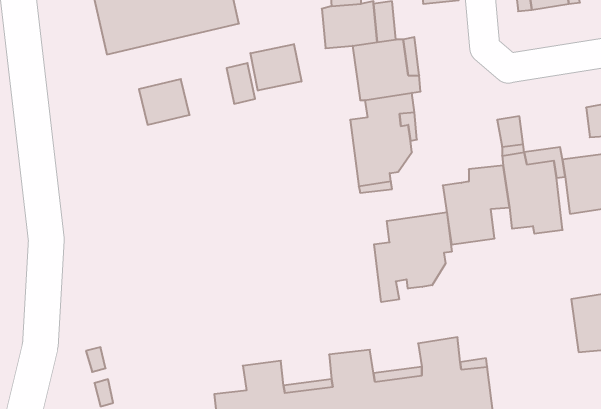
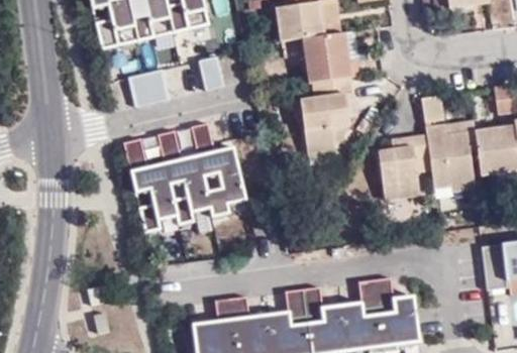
building: [250,44,301,91] -> none
building: none -> [125,121,247,231]
building: [374,212,452,302] -> none

